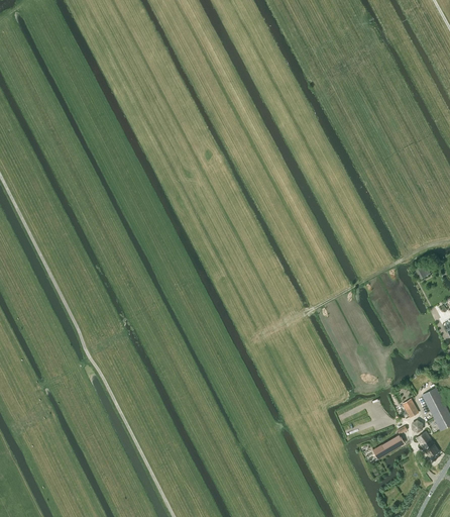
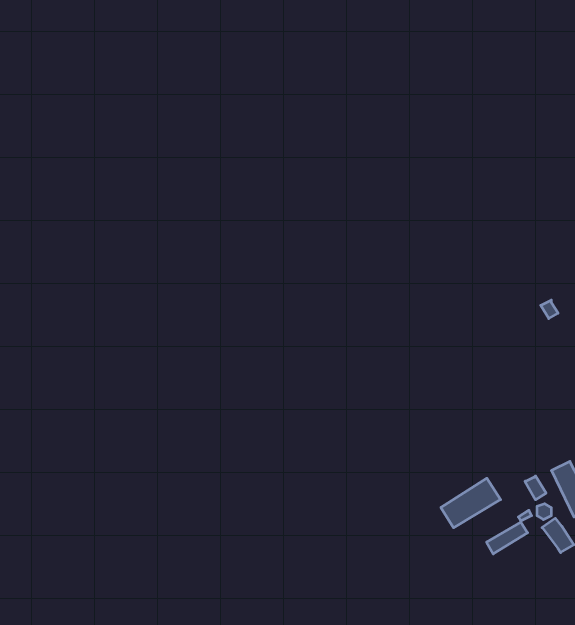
building: none -> [441,478,501,528]

